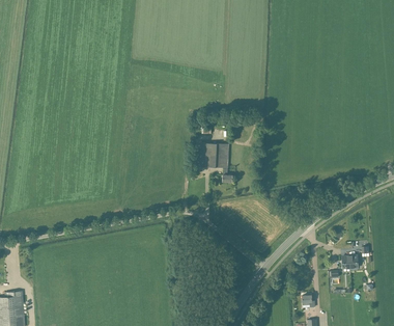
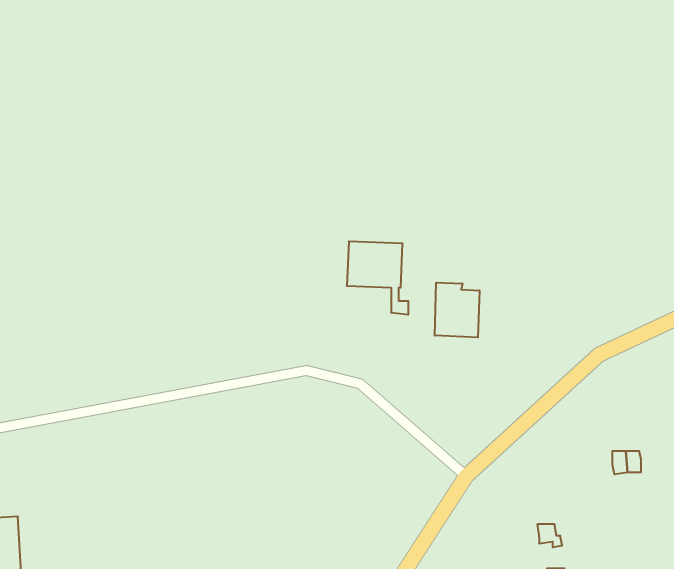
building: none -> [435,283,480,337]

